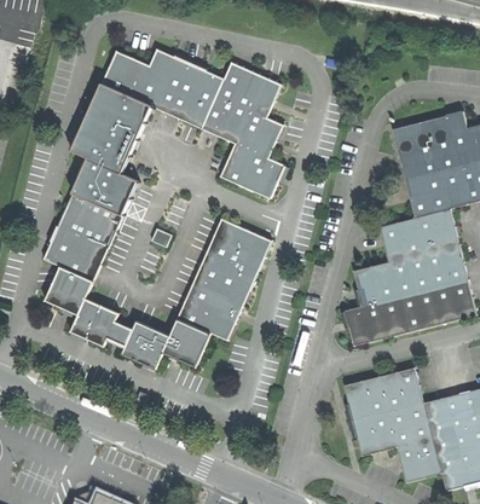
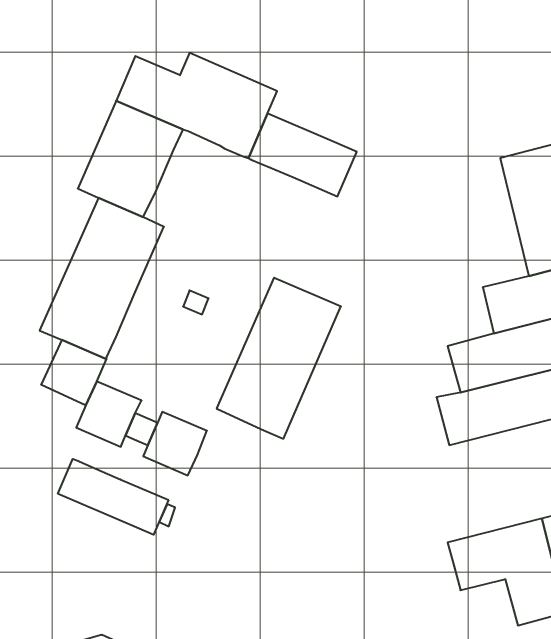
building: [215,62,281,116] -> none
building: [219,143,284,198] -> none
building: [162,318,210,367] -> none
building: none -> [58,459,168,535]
building: [343,367,423,419] -> none

